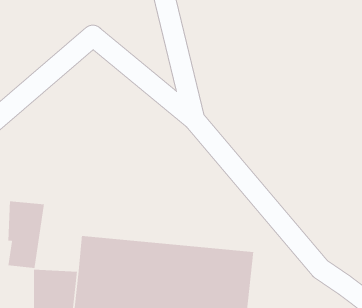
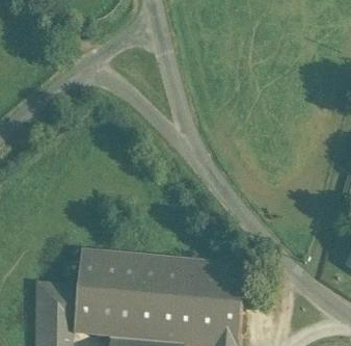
building: [8,201,45,269] -> none

